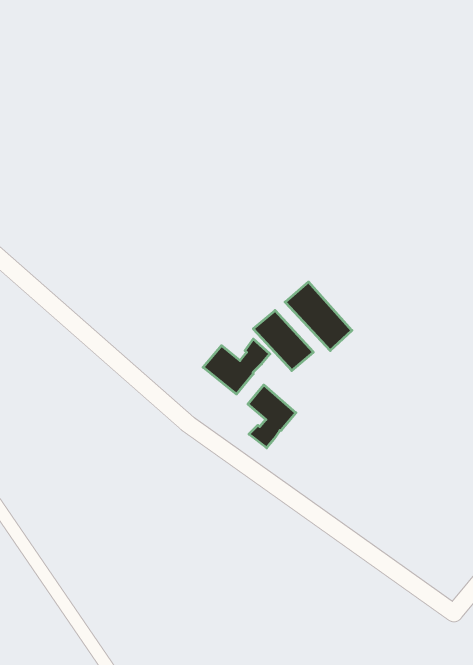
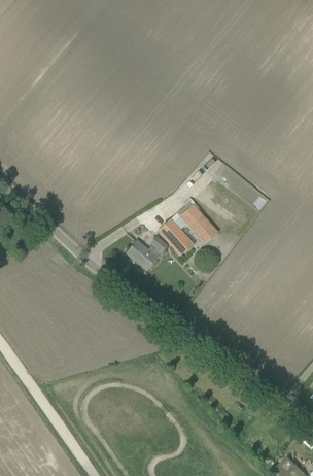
building: [248,385,296,448] -> none

